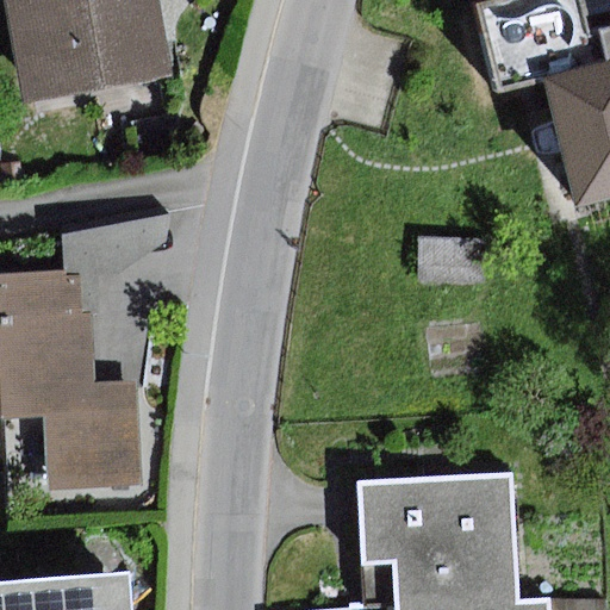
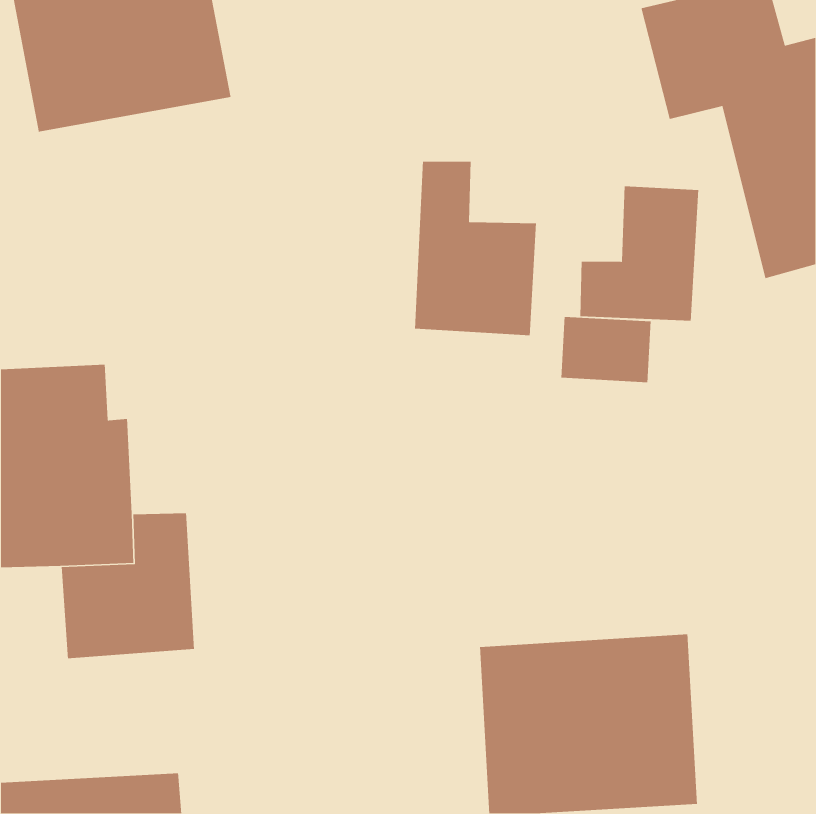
building: none -> [414,161,537,336]
building: none -> [579,185,699,321]

